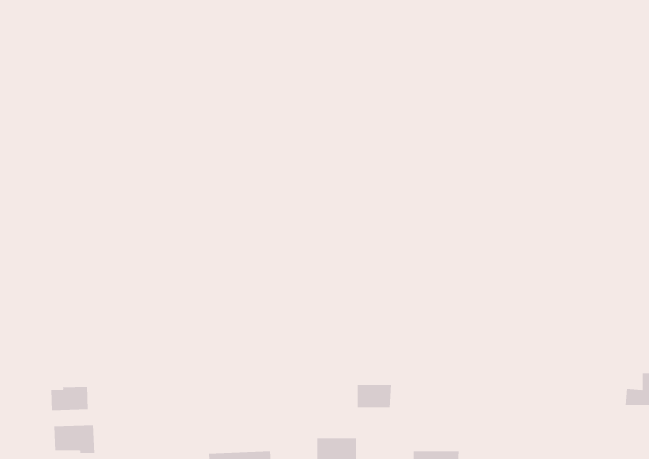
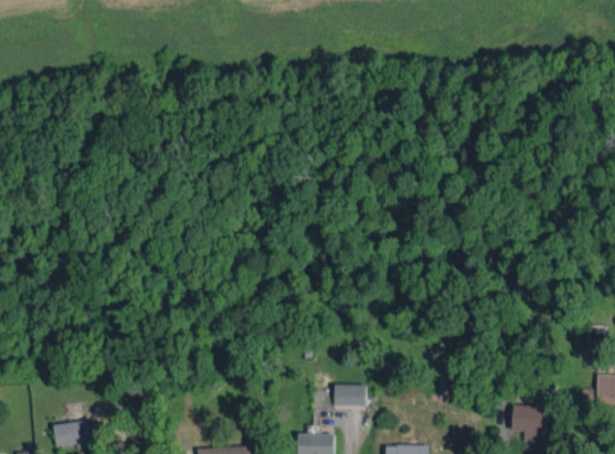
building: [51,386,88,411] -> none
building: none -> [512,405,548,442]

